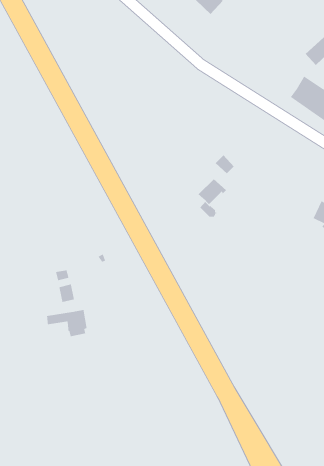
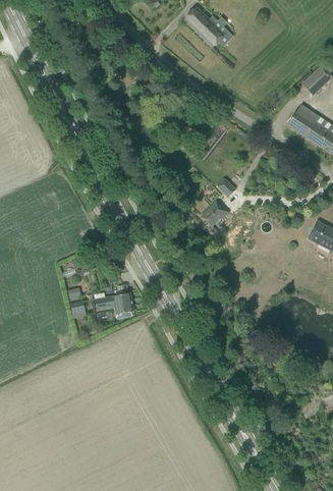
building: [46,309,87,337] -> [95,292,133,319]

